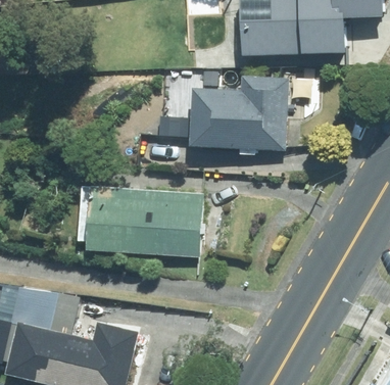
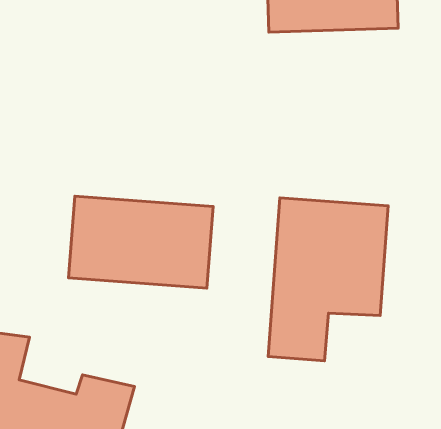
building: [189,77,287,151] -> none
building: none -> [268,198,388,361]

